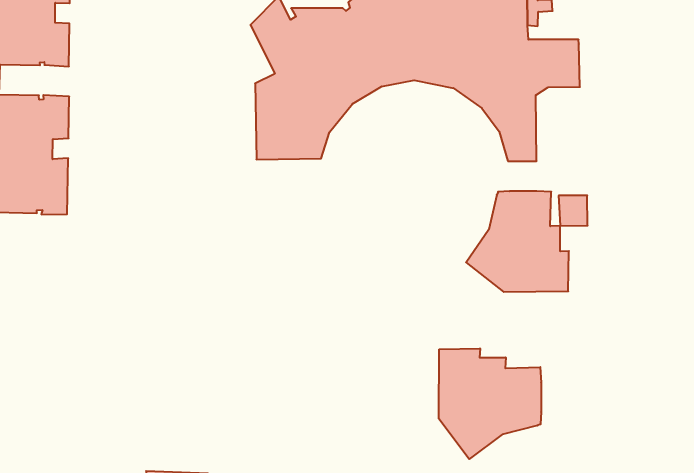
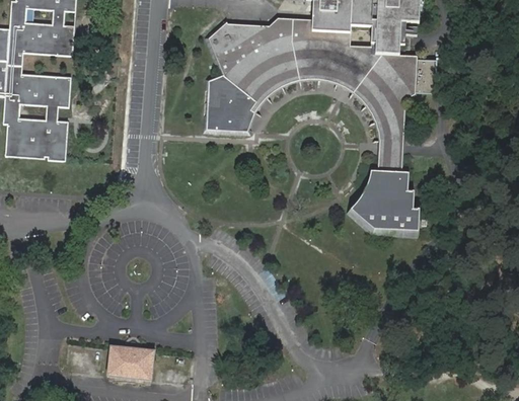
building: [559,195,588,226] -> [379,140,399,162]
building: [439,348,541,459] -> none

